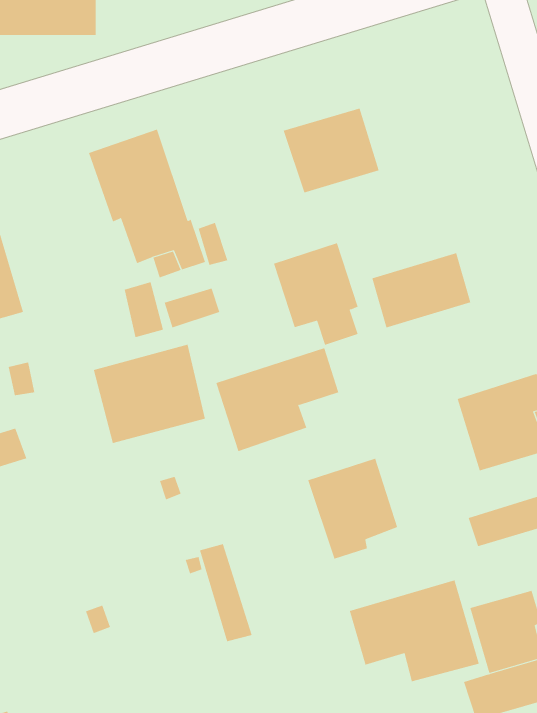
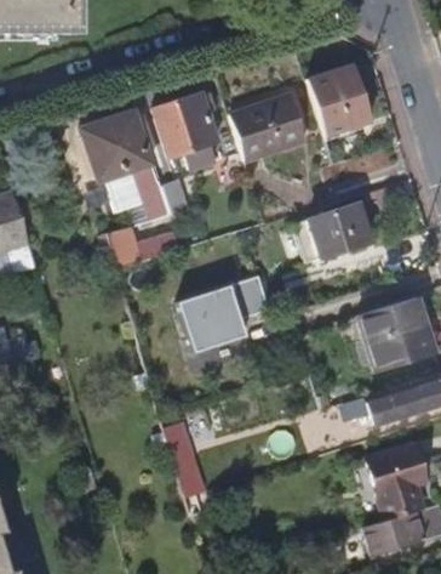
building: none -> [308,66,368,133]
building: [273,242,358,345] -> [153,91,217,169]
building: [93,344,205,444] -> none
building: [308,458,398,559] -> none
building: [349,579,479,682] -> none

